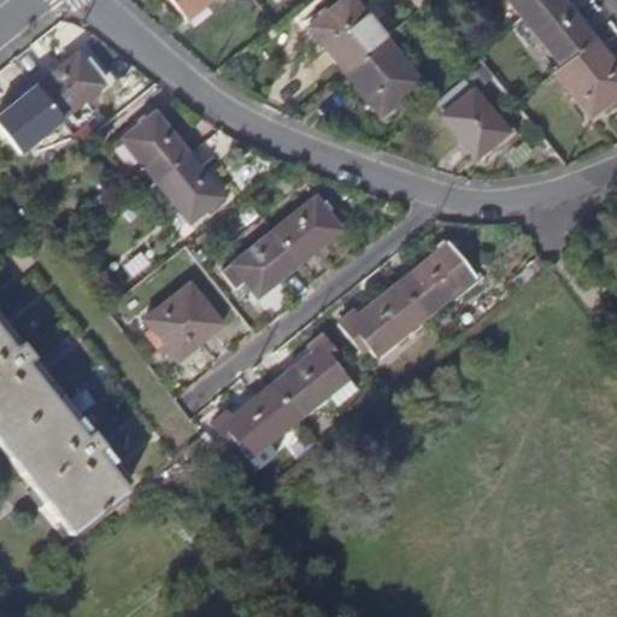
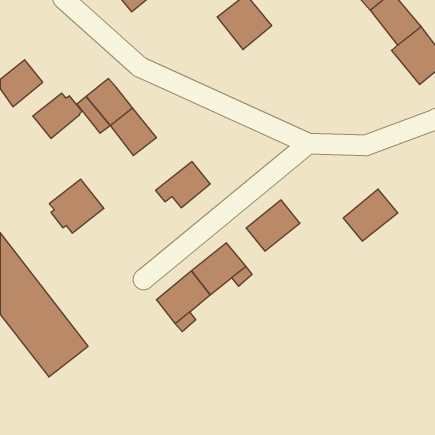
building: [345,36,422,113] -> none
building: [37,52,107,116] -> [33,93,82,138]
building: [447,84,519,159] -> none
building: [274,194,341,259] -> none
building: [399,241,476,315] -> [343,189,398,241]
building: [145,281,222,357] -> [49,179,104,233]

